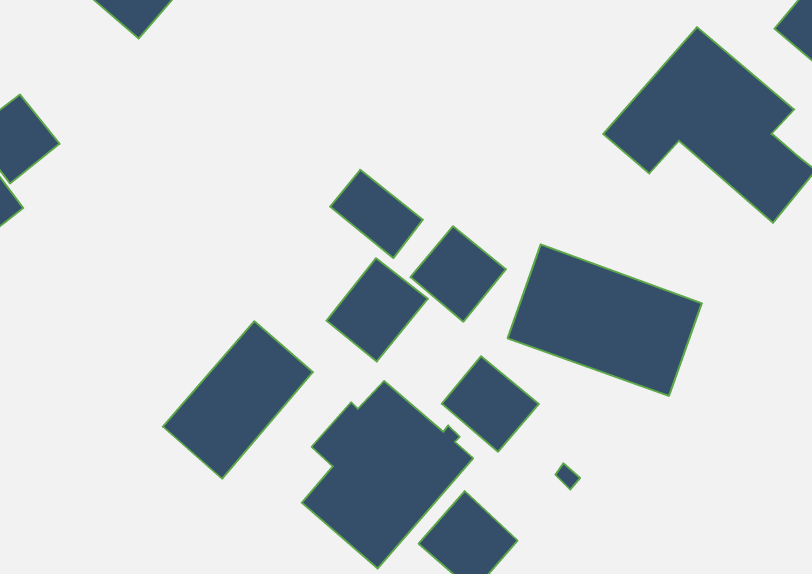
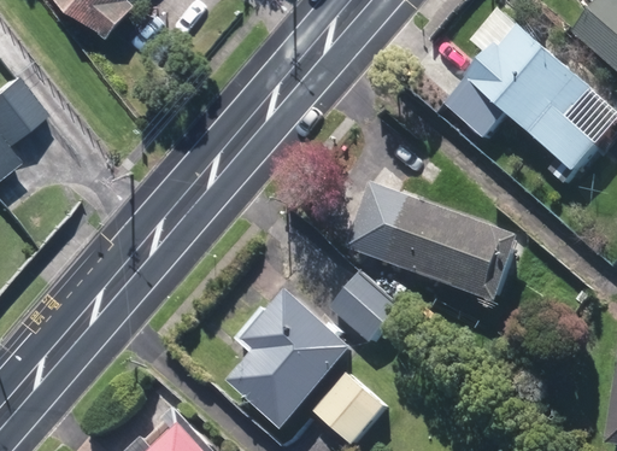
building: [330,170,423,258] -> none
building: [326,258,428,362] -> none
building: [163,321,313,479] -> none

